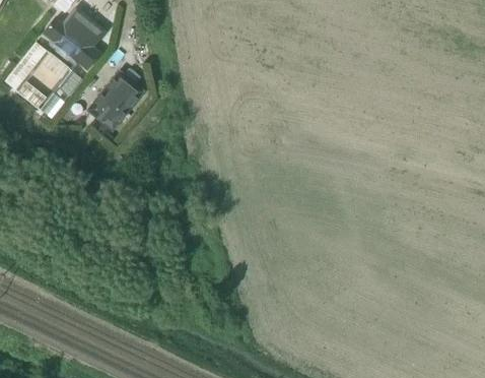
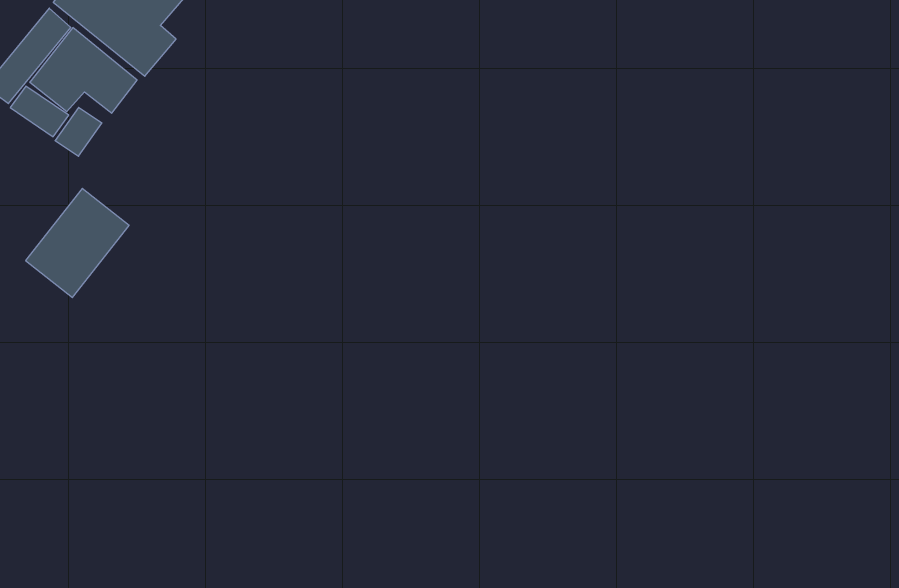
building: [87,70,141,127] -> [26,188,129,298]

